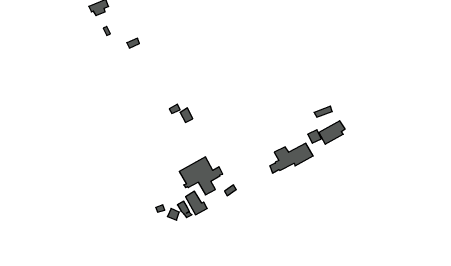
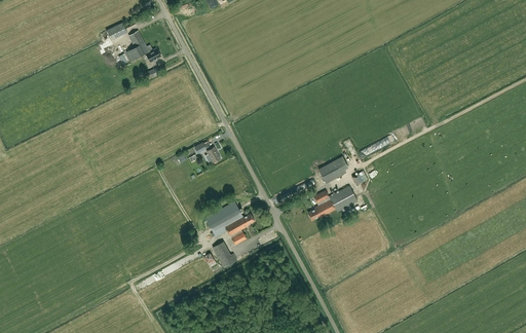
building: none -> [125,31,161,62]
building: [319,121,345,144] -> [318,156,348,183]

